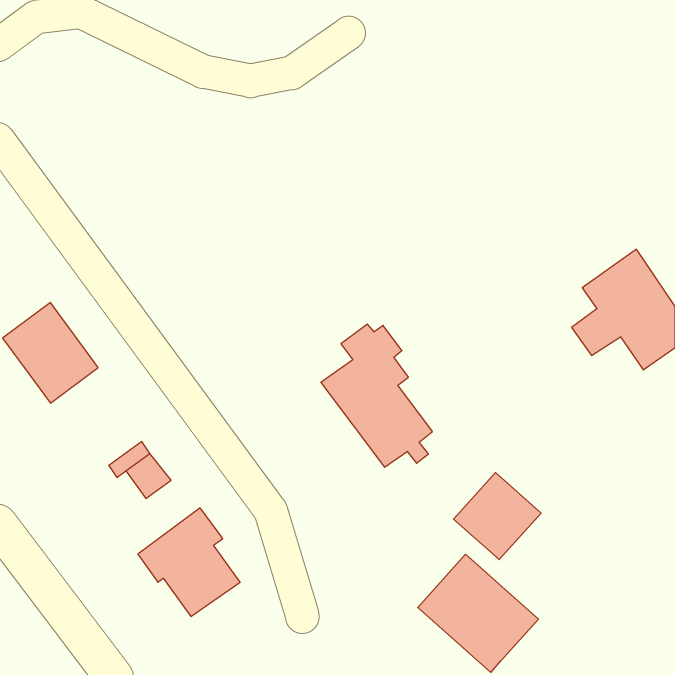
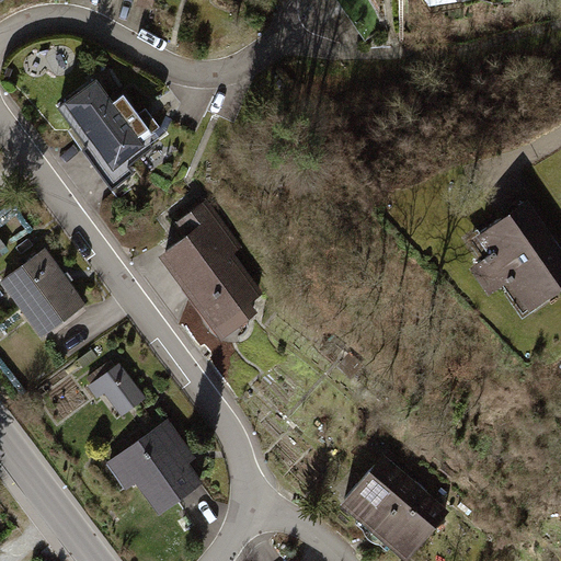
building: none -> [58,81,162,178]
building: [321,324,432,467] -> [163,205,255,323]
building: [453,473,541,560] -> none

